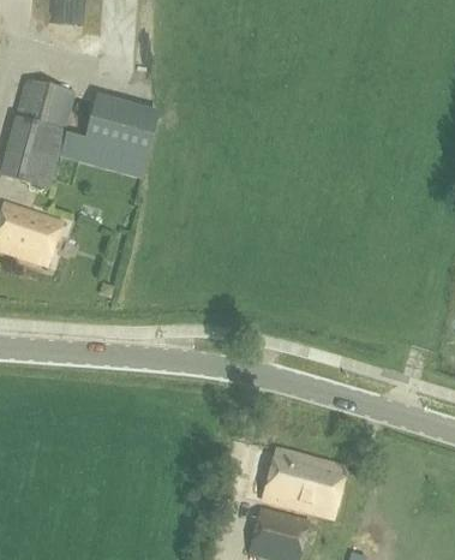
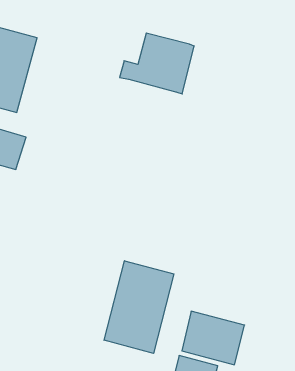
building: [60,96,157,175] -> [120,33,194,94]
building: none -> [104,261,174,353]

